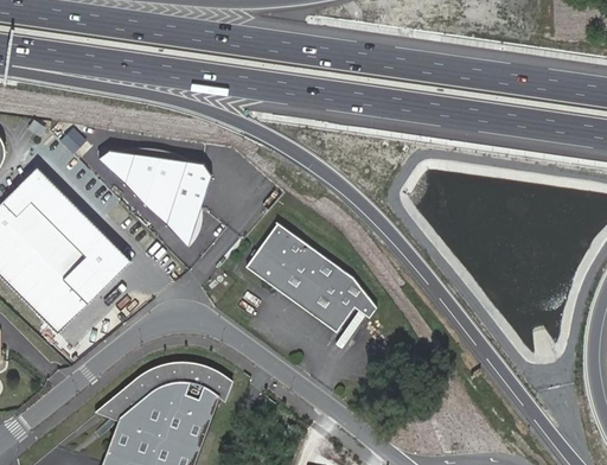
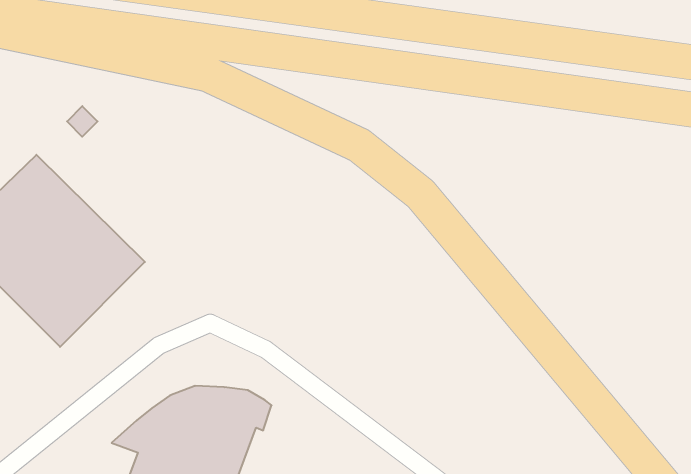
building: [90,144,206,241] -> none
building: [247,221,377,330] -> none

